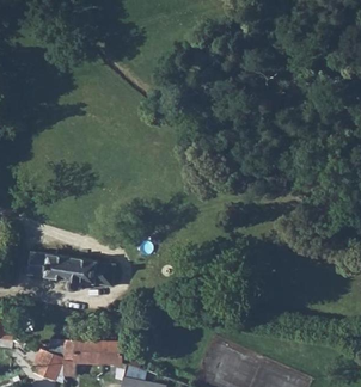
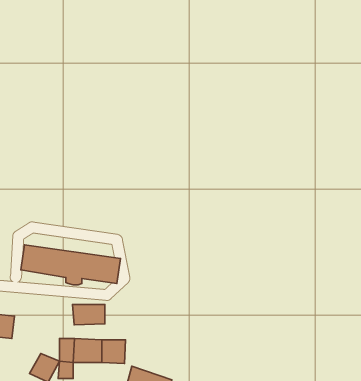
building: none -> [73,304,105,325]

